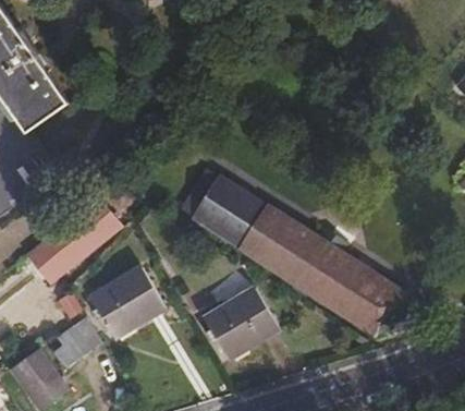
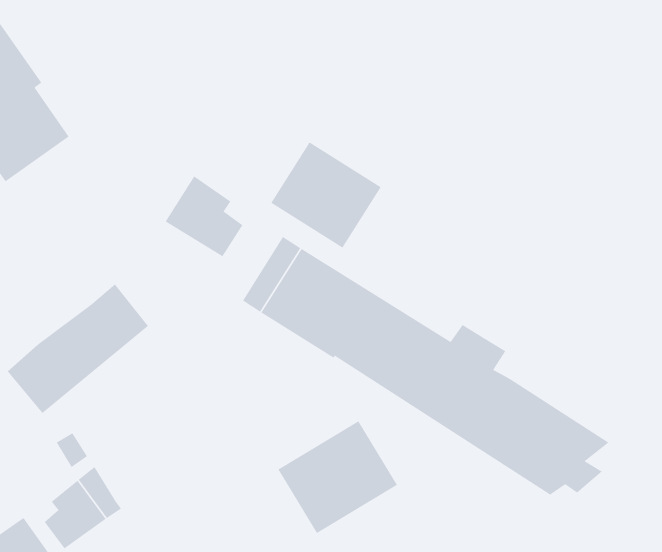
building: none -> [271,142,382,249]
building: none -> [165,176,243,257]
building: [88,266,164,339] -> none

